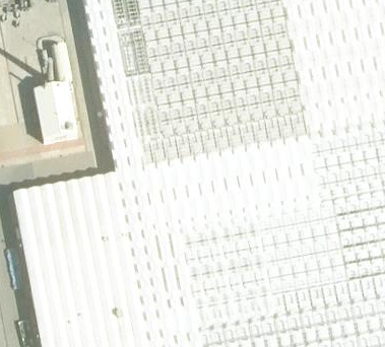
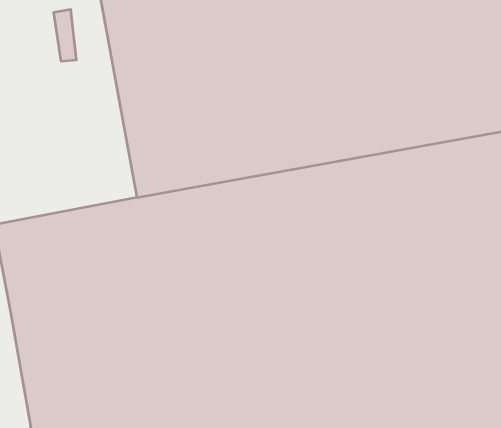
building: [35,84,78,140] -> none

